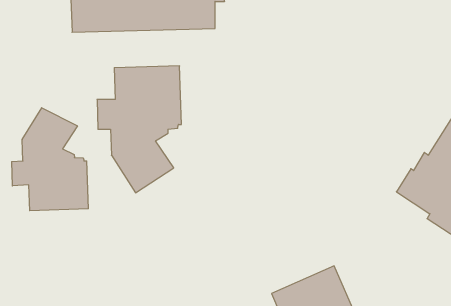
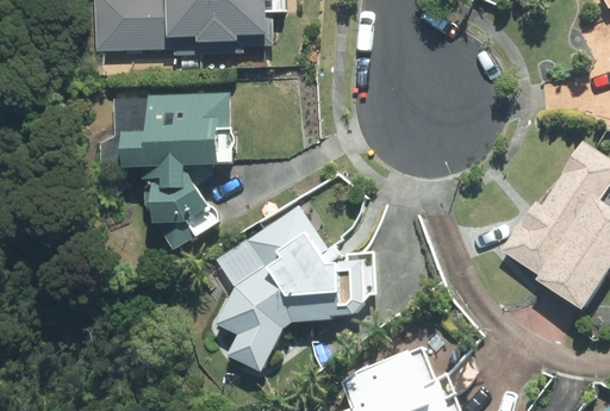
building: [12,108,88,211] -> none
building: none -> [212,206,363,374]

